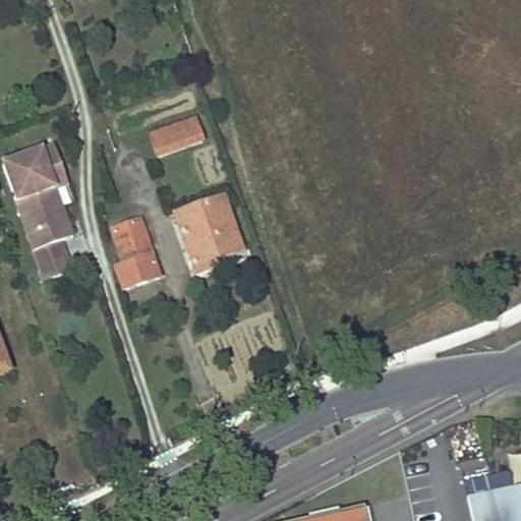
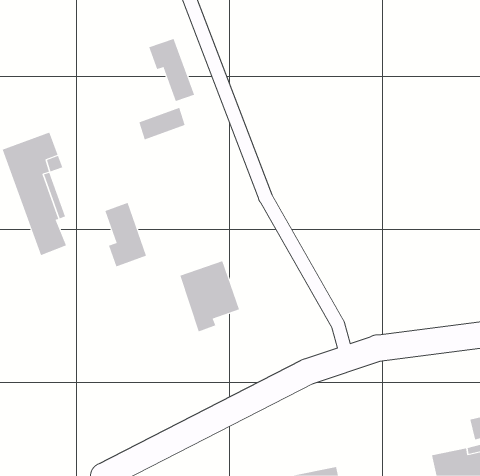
building: none -> [149,38,195,102]
building: [177,195,242,273] -> [179,261,240,332]

